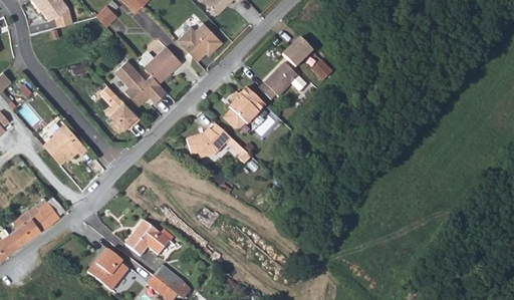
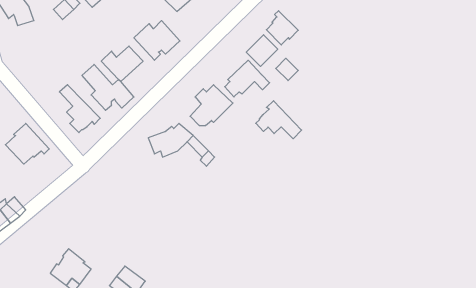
building: none -> [266,11,298,45]
building: none -> [256,101,302,139]
building: [126,220,170,255] -> none

